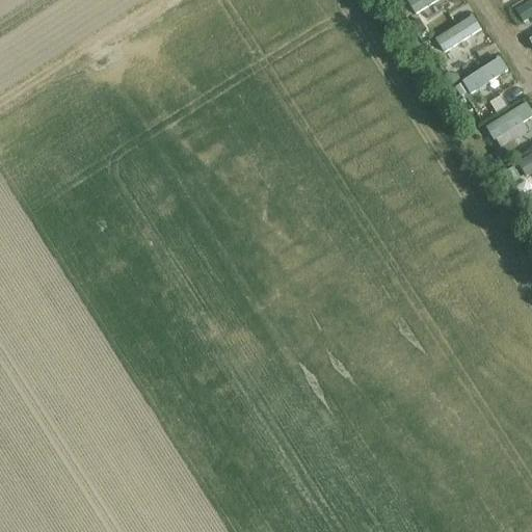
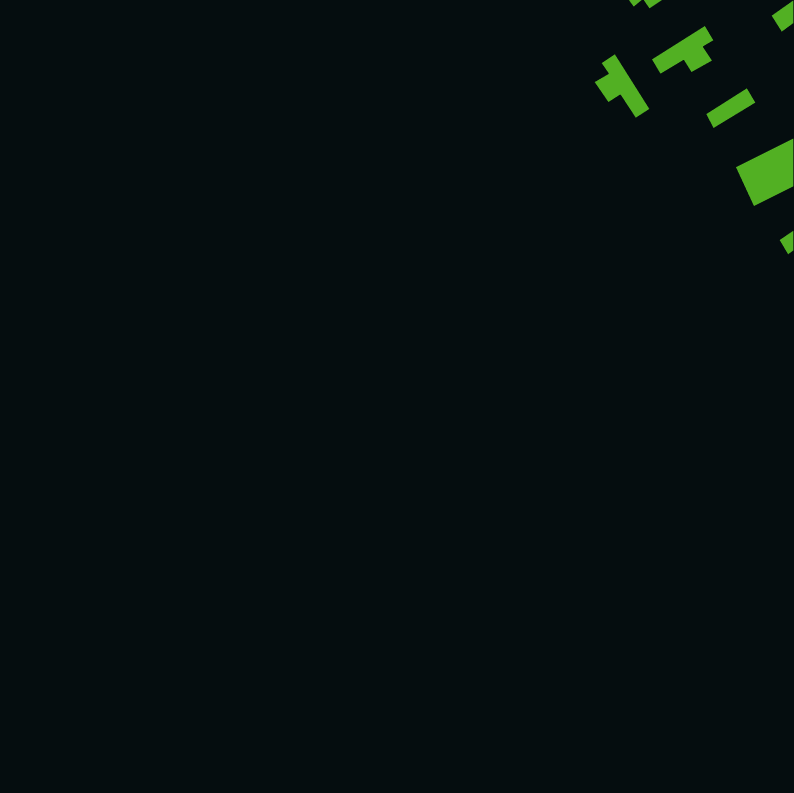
building: none -> [594,53,650,119]

